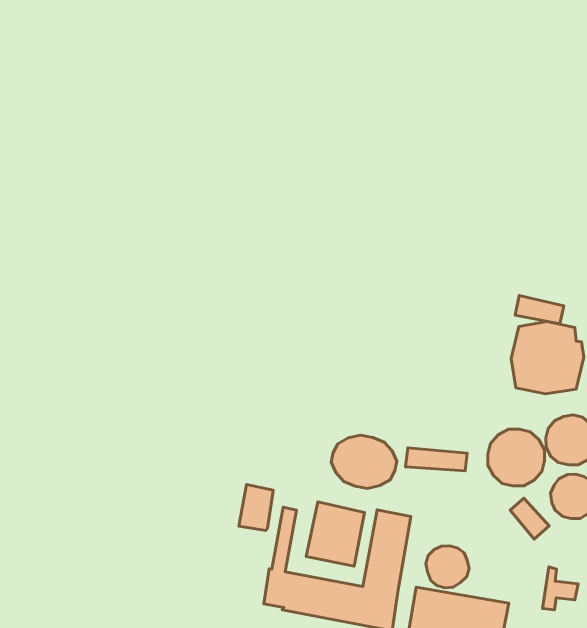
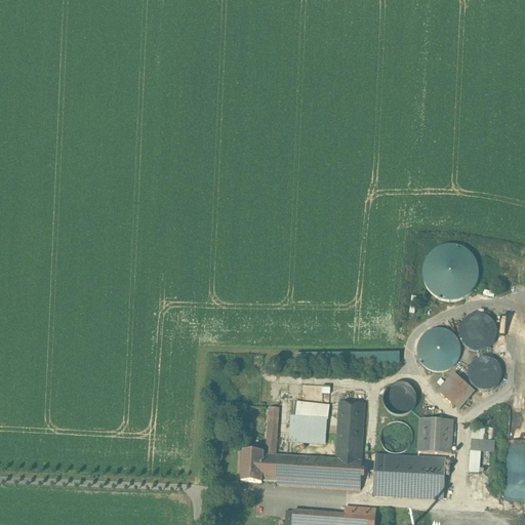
building: [515,296,564,324] -> none
building: [331,435,397,488] -> none
building: [239,484,273,531] -> [240,449,262,482]
building: none -> [382,381,415,414]
building: none -> [417,417,452,452]

